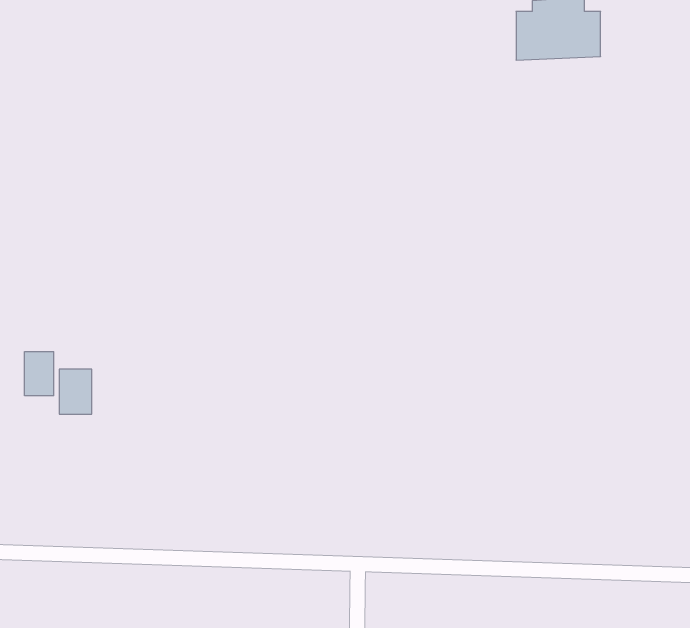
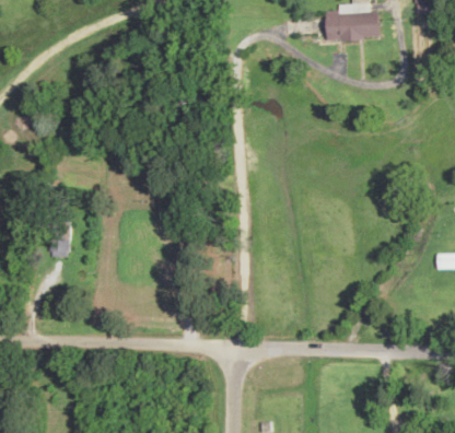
building: [25,352,54,396] -> none

